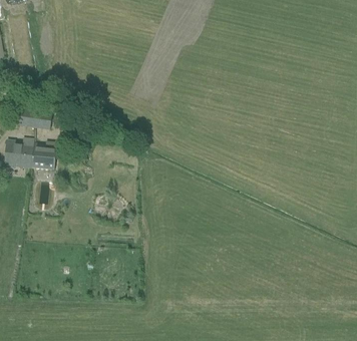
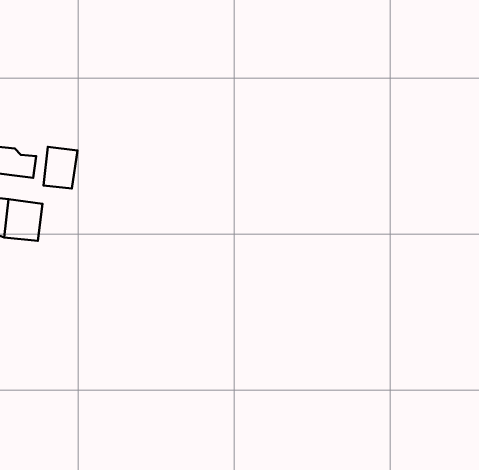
building: none -> [43,147,77,189]

